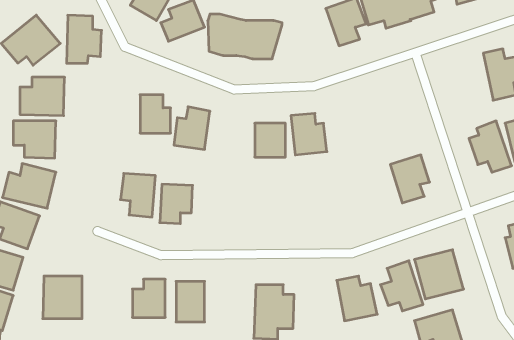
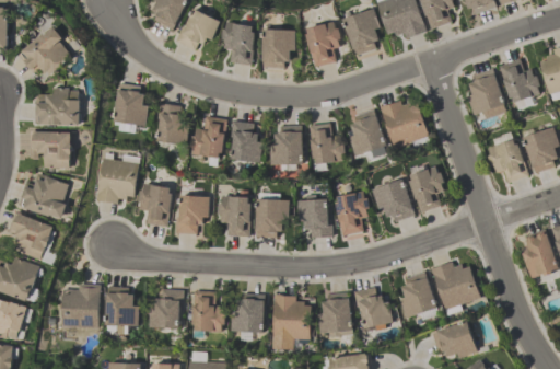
building: none -> [304,23,341,68]
building: [67,15,102,63] -> [114,83,149,131]
building: none -> [465,68,508,120]
building: none -> [380,99,429,150]
building: none -> [347,108,386,157]
building: none -> [229,123,260,164]
building: none -> [94,150,140,205]
building: none -> [371,180,413,222]
building: none -> [335,192,370,235]
building: none -> [218,197,250,238]
building: none -> [298,199,330,238]
building: none -> [255,200,285,239]
building: none -> [317,293,352,341]
building: none -> [105,295,137,328]
building: none -> [232,300,264,334]

